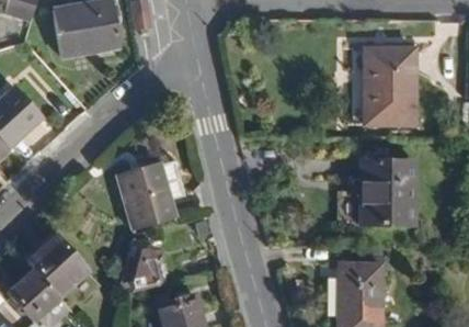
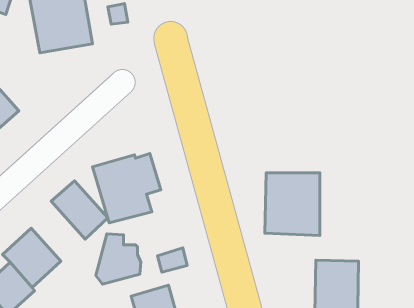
building: [365,49,415,126] -> none
building: [361,162,415,225] -> [265,173,320,235]
building: none -> [51,181,108,239]

